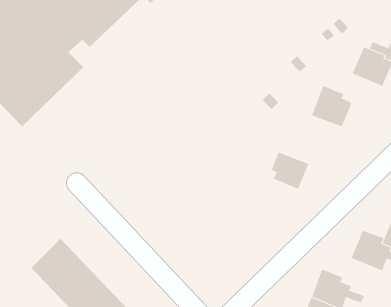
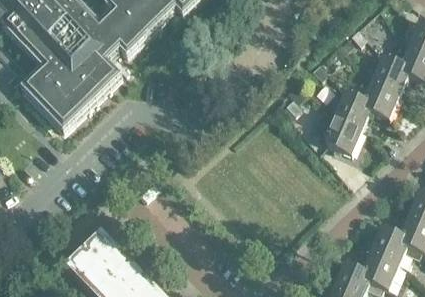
building: none -> [350,79,401,118]
building: [271,152,309,190] -> [327,118,363,153]
building: none -> [362,251,401,289]

